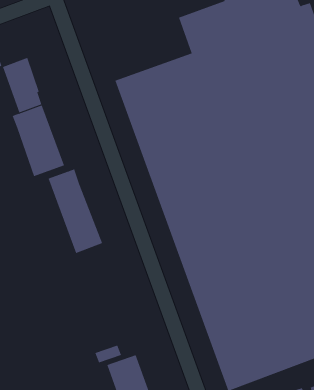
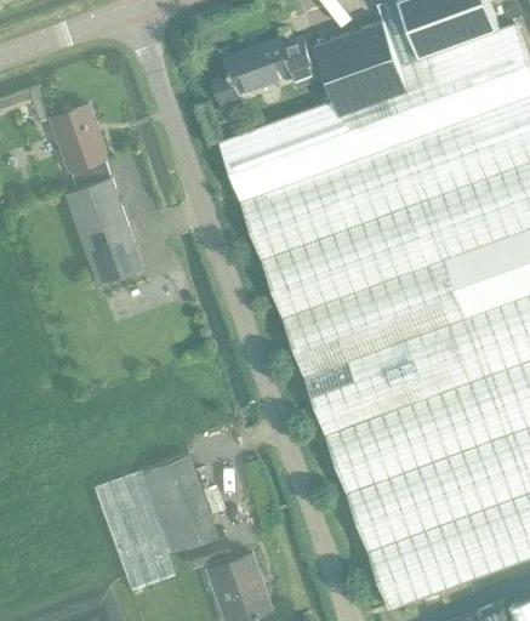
building: none -> [213,36,320,107]
building: [48,168,103,254] -> none
building: none -> [95,455,220,592]

